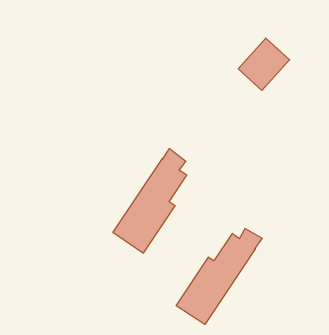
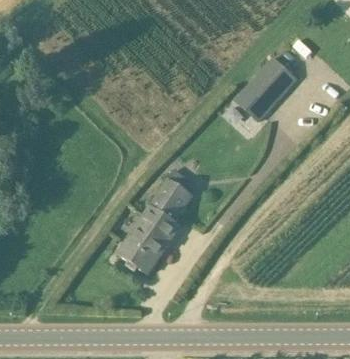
building: [176,228,262,324] -> none

